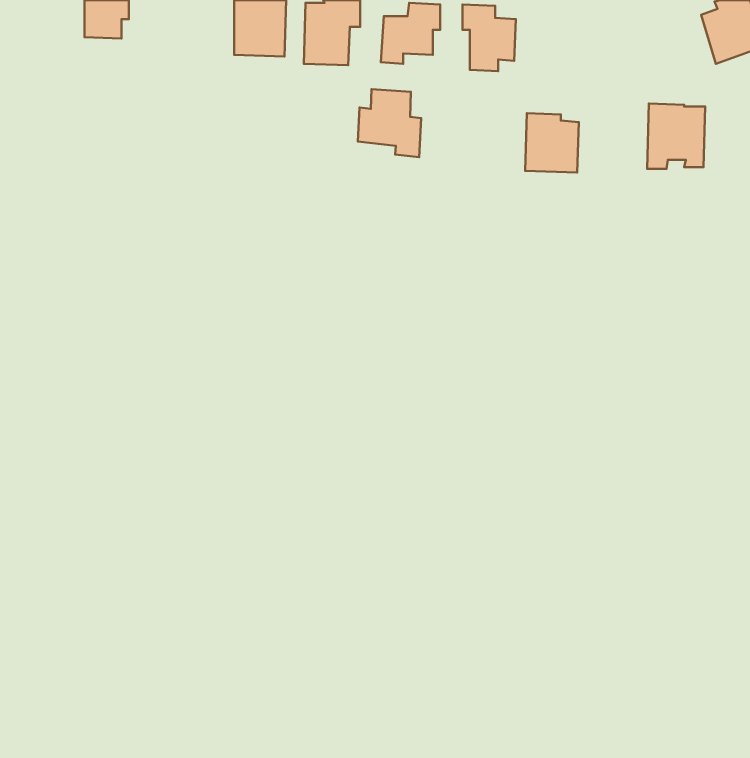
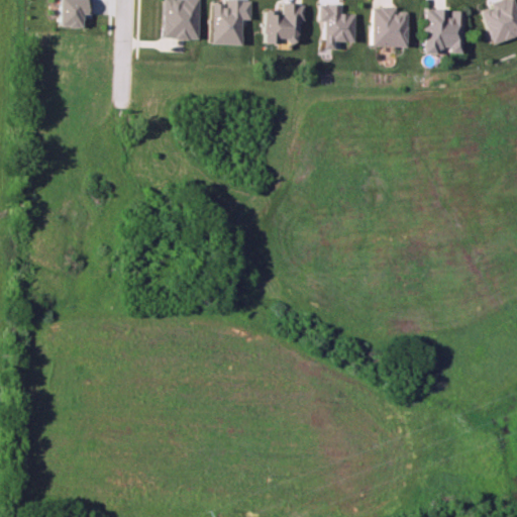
building: [358,89,421,157] -> none
building: [647,104,705,169] -> [426,8,466,53]
building: [525,113,579,172] -> [373,6,409,46]

